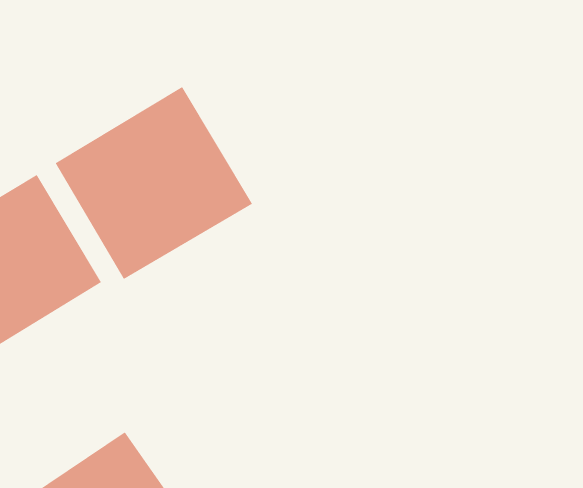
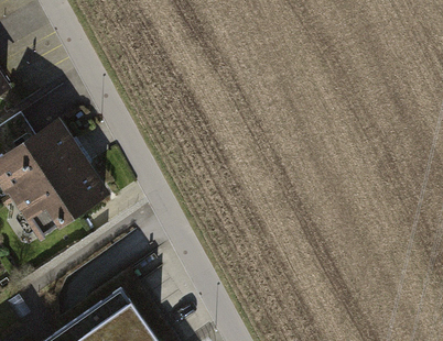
building: [55,86,253,280] -> none

